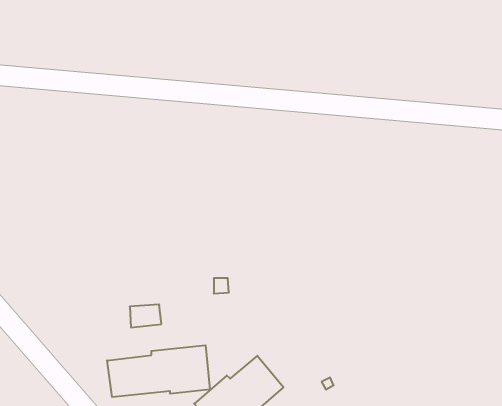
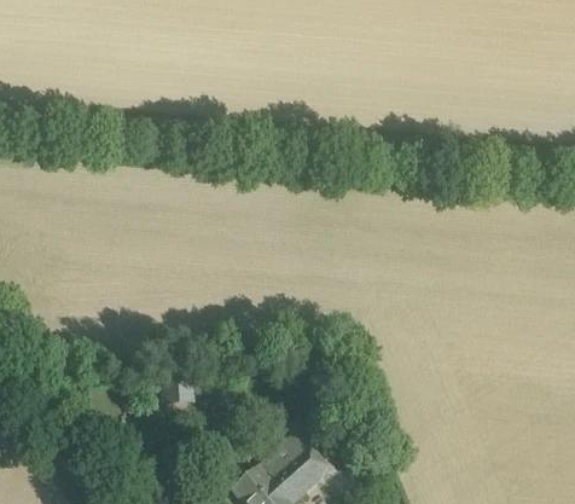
building: [107,345,210,397] -> none

